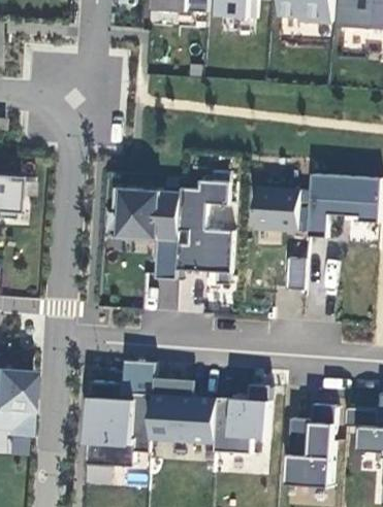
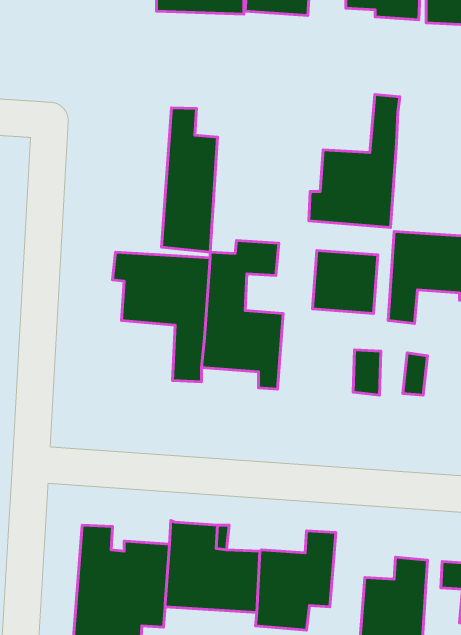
building: none -> [309,94,400,227]
building: none -> [162,108,217,252]
building: [115,359,158,398] -> none

